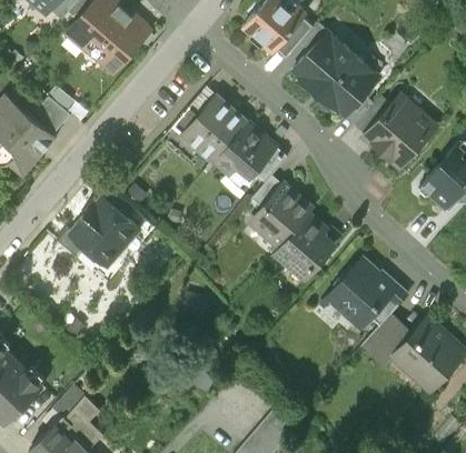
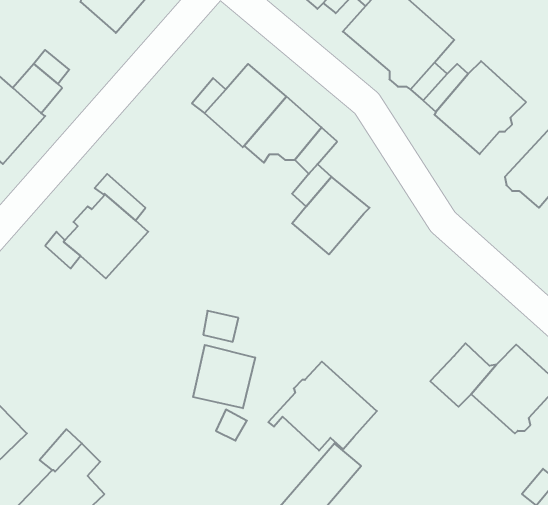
building: [275,215,340,280] -> none
building: [320,259,406,329] -> [268,362,377,451]
building: none -> [193,345,255,408]

